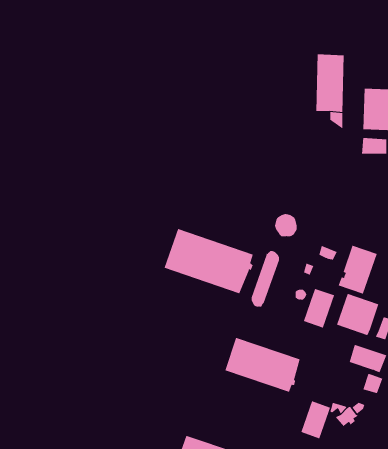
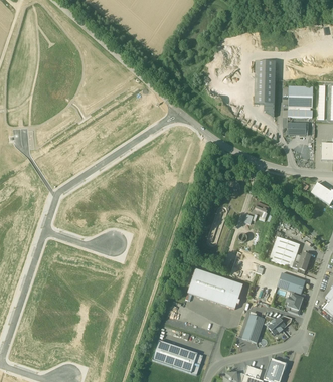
building: [164,228,253,294] -> none
building: [338,245,377,294] -> none
building: [303,288,335,328] -> none

